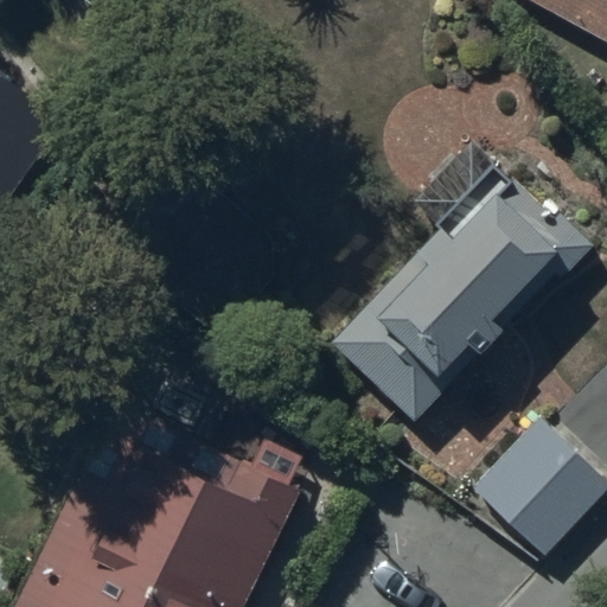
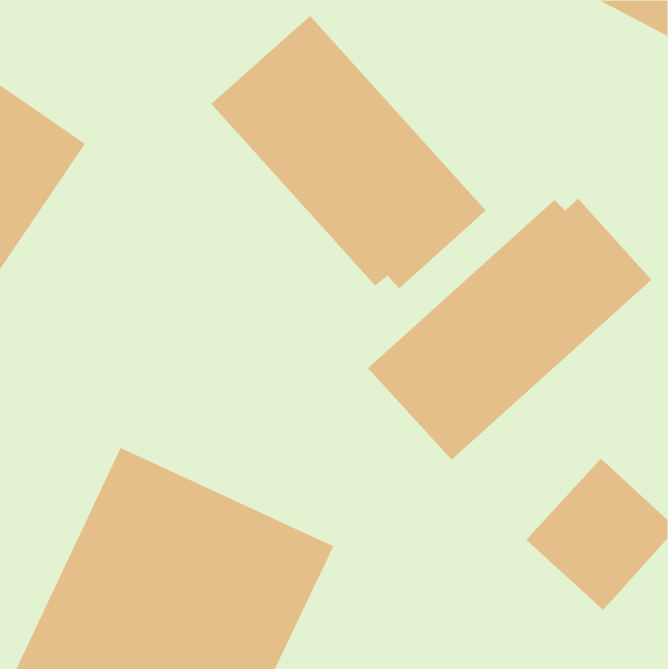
building: none -> [210,15,486,289]

